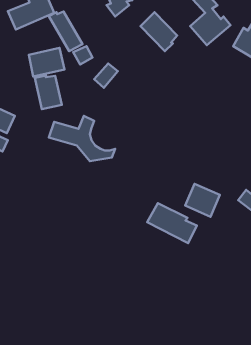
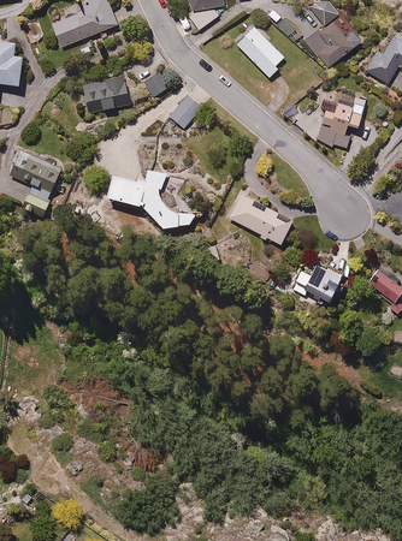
building: [49,11,82,51] -> none
building: none -> [317,100,363,147]
building: [35,75,62,109] -> none
building: [147,203,197,243] -> [225,191,294,246]

